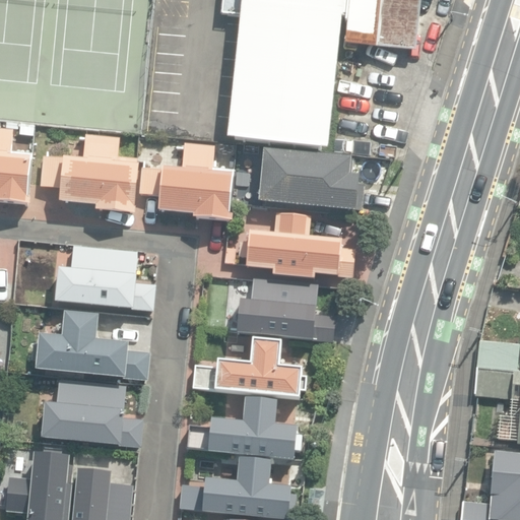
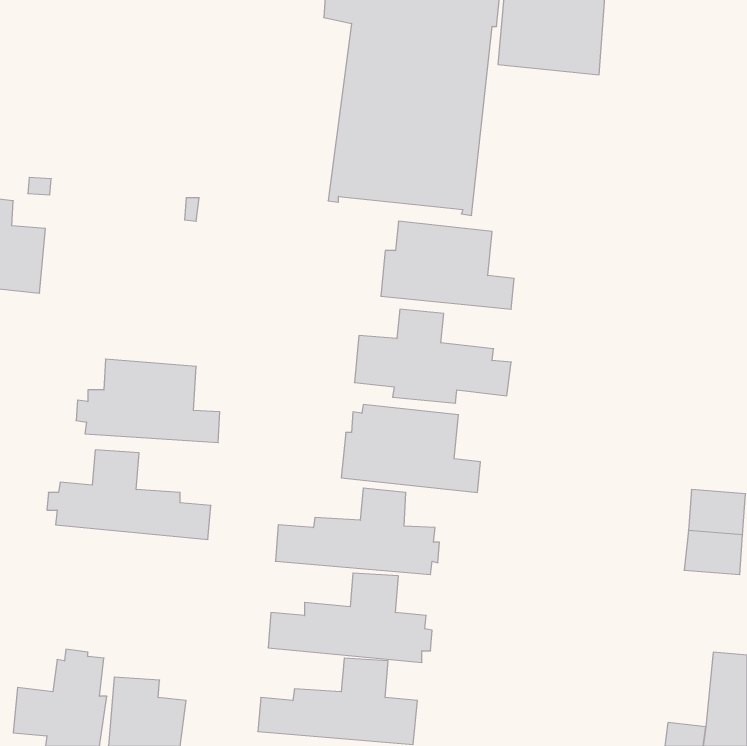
building: [44,141,137,211] -> none
building: [140,149,233,220] -> none
building: [38,378,137,439] -> none

